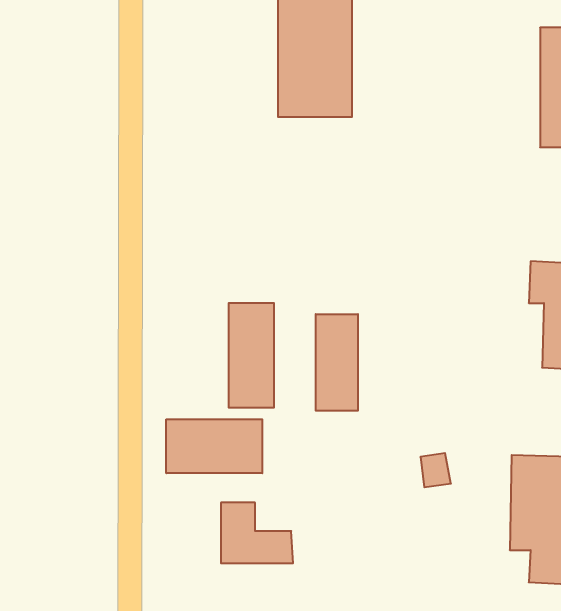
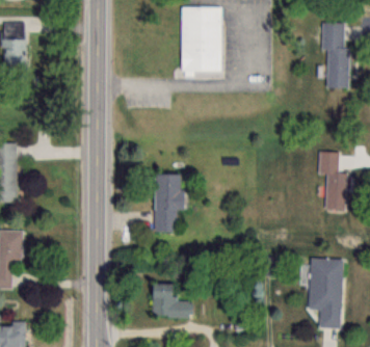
building: [316,314,358,411] -> none
building: [166,419,262,473] -> none

